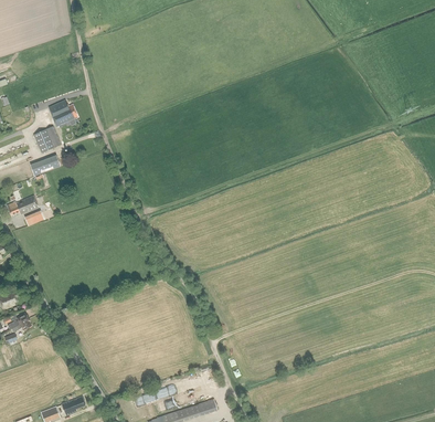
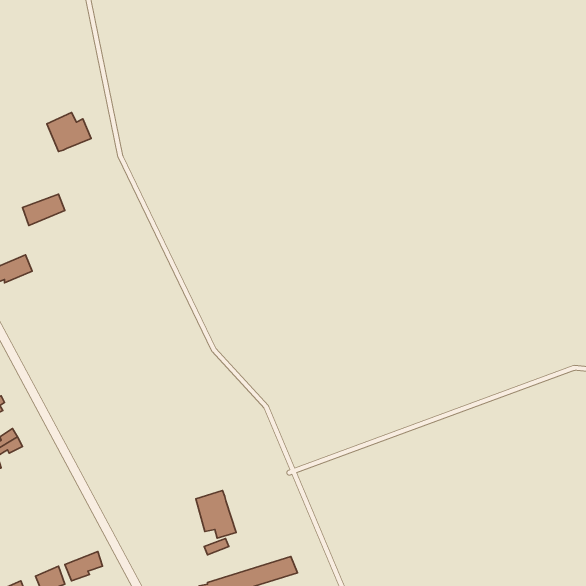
building: [32,126,61,152] -> none
building: none -> [196,490,236,538]

